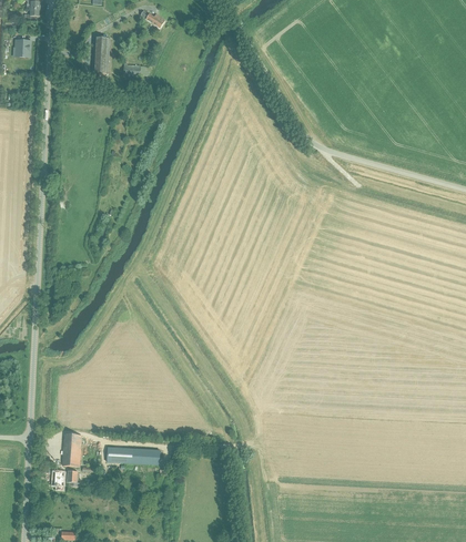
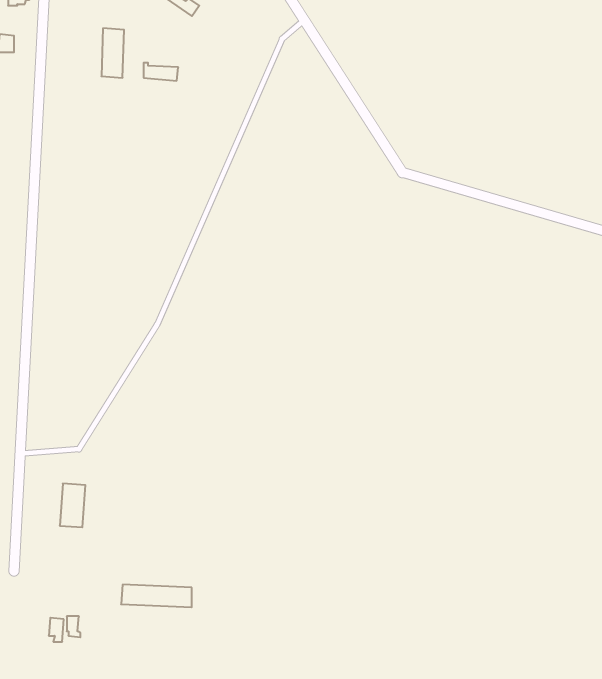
building: [62,433,81,466] -> [60,484,85,527]

